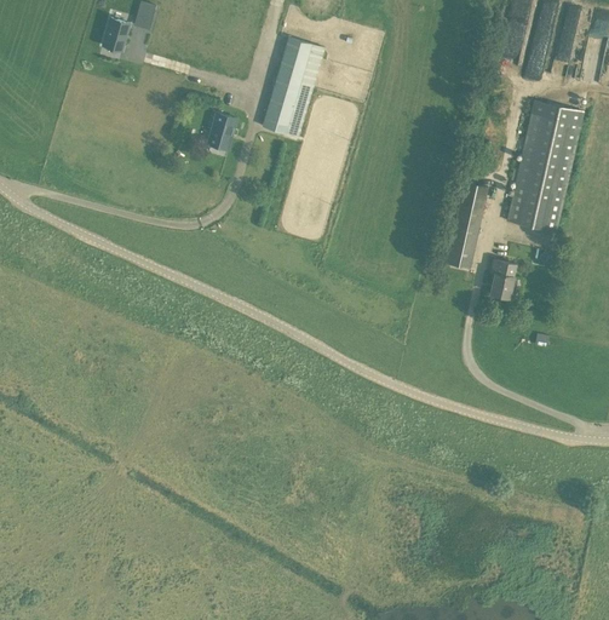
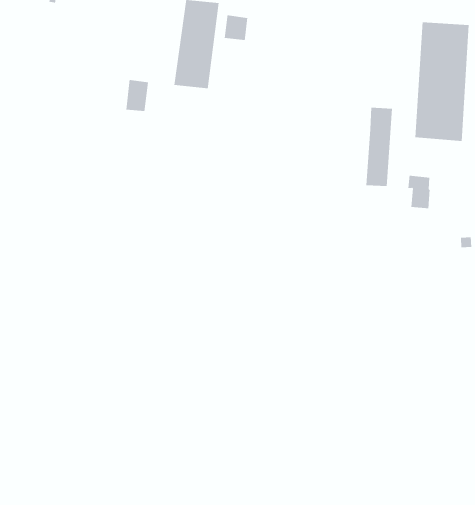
building: [103,19,130,53] -> none
building: none -> [224,15,248,41]

